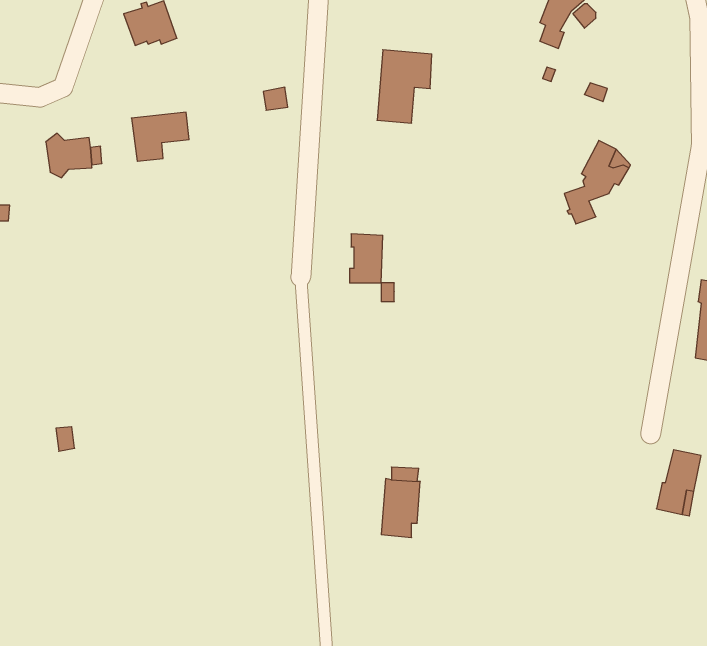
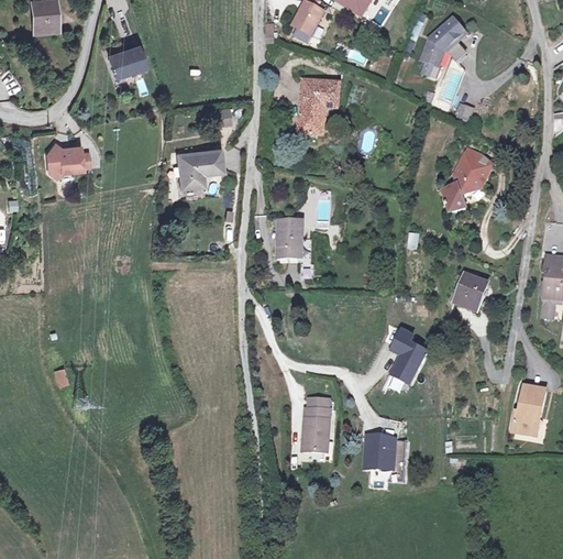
building: [131,112,189,161] -> [177,149,221,186]
building: none -> [454,273,486,307]
building: none -> [391,330,427,381]
building: none -> [363,432,407,481]

